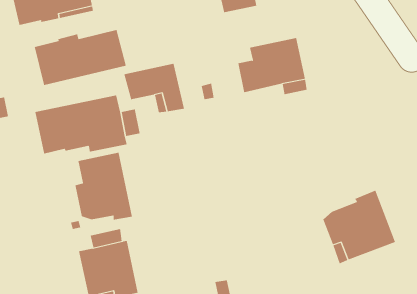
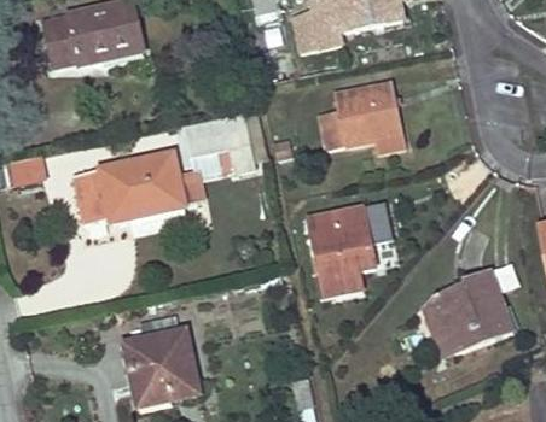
building: [34,29,127,86] -> none
building: none -> [308,207,374,294]
building: [75,152,132,220] -> none

